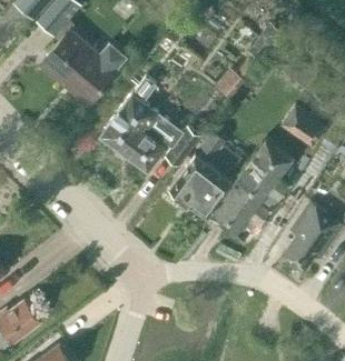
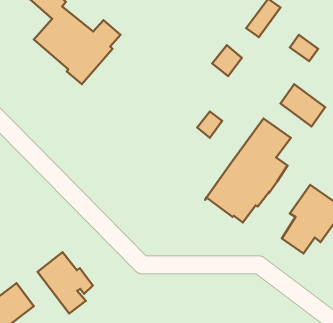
building: [99,77,200,172] -> none
building: [169,156,233,218] -> none
building: none -> [38,252,93,313]

